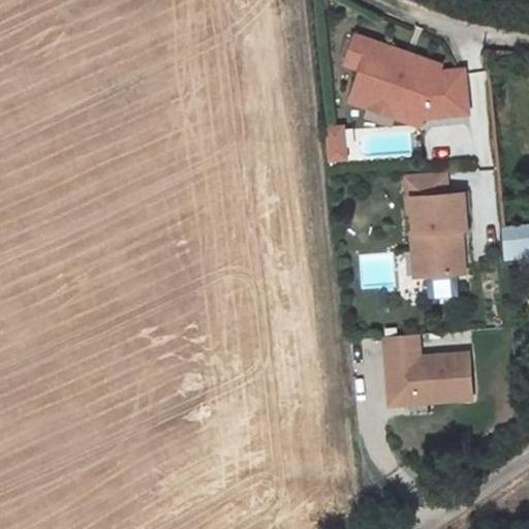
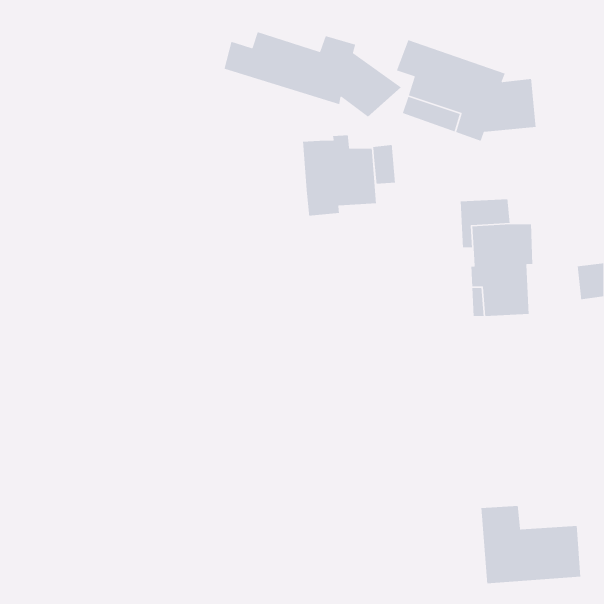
building: none -> [224,31,402,117]
building: none -> [302,135,377,216]
building: [383,337,471,406] -> [481,505,581,584]

